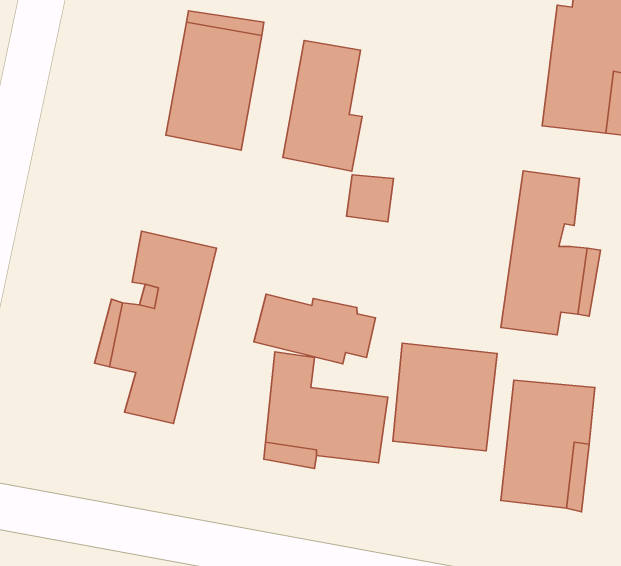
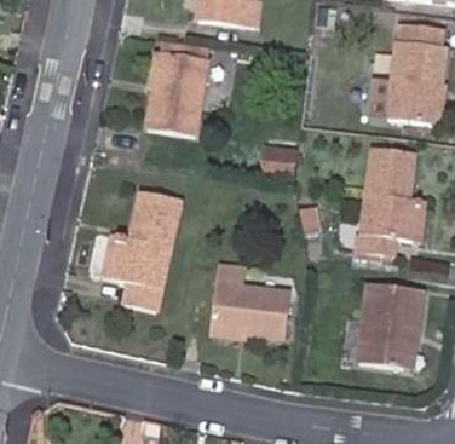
building: [283,40,362,171] -> none
building: [254,294,376,364] -> none
building: [393,343,497,451] -> none

